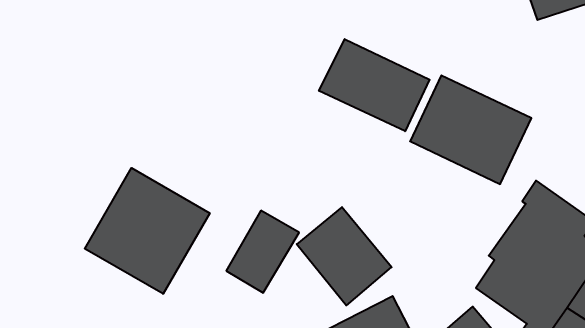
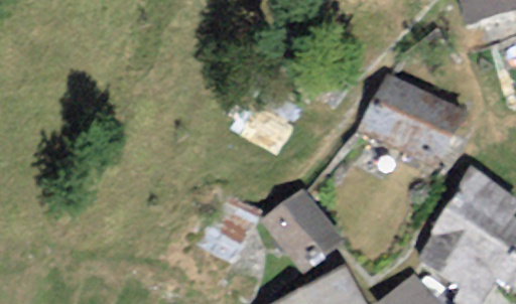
building: [319,39,430,131] -> none
building: [85,168,210,294] -> none

